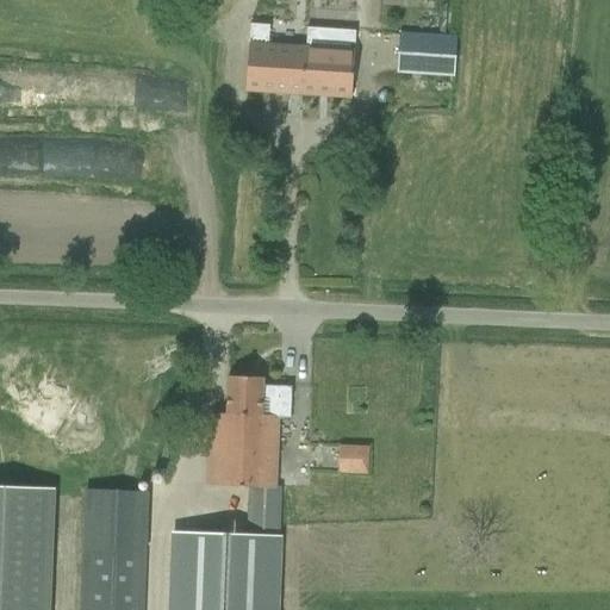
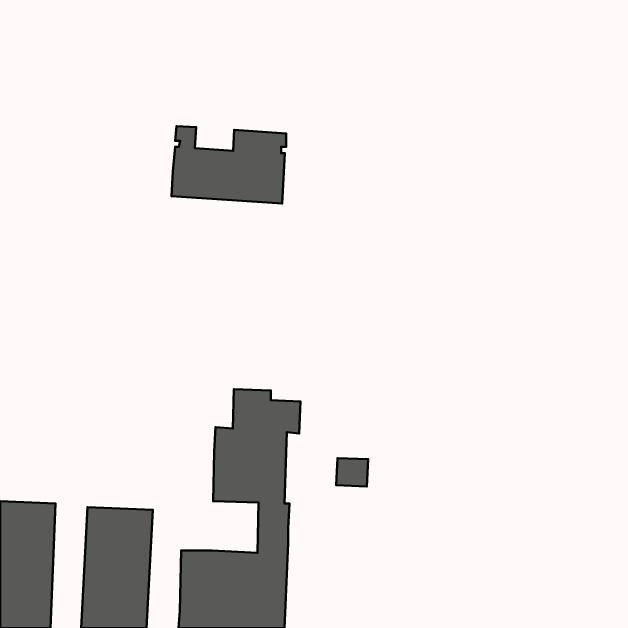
building: [245,24,356,99] -> [171,126,286,204]
building: [397,32,459,79] -> none

